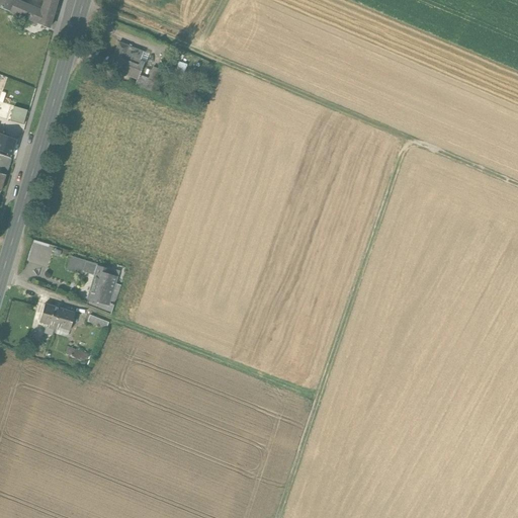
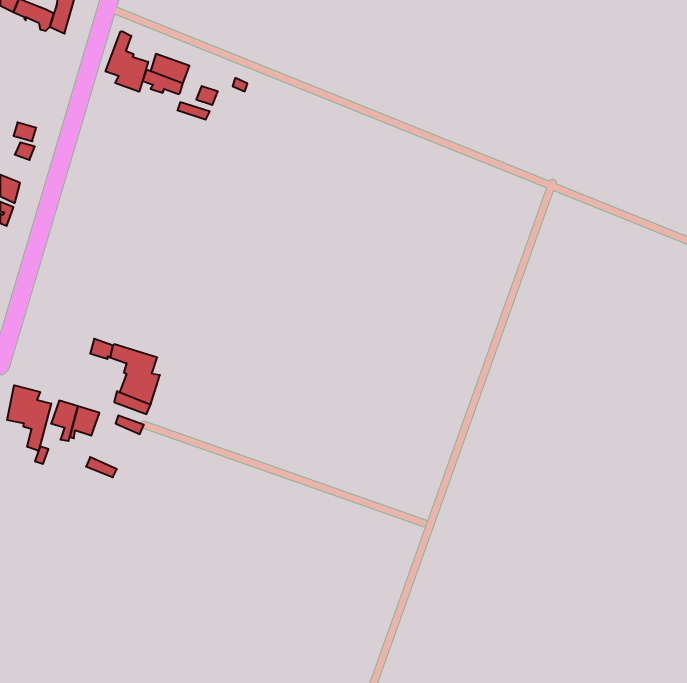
building: none -> [106,31,148,92]
building: none -> [7,385,51,451]

